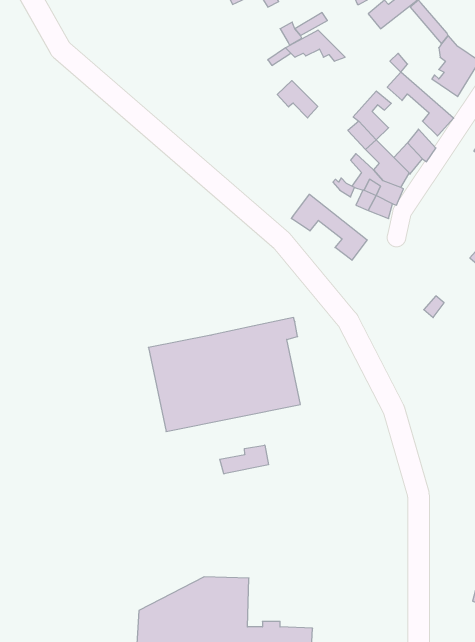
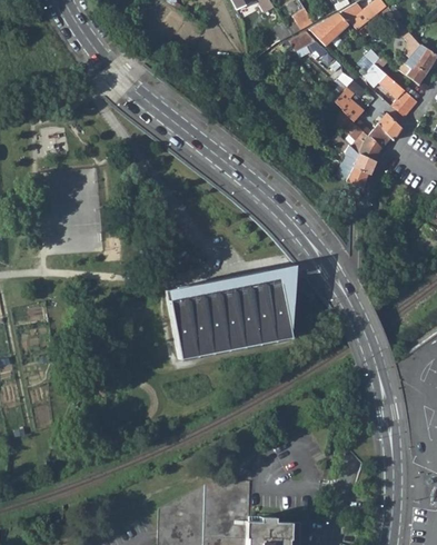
building: none -> [309,13,349,47]
building: [277,81,318,118] -> none
building: [291,194,367,260] -> none
building: [220,445,268,474] -> none

